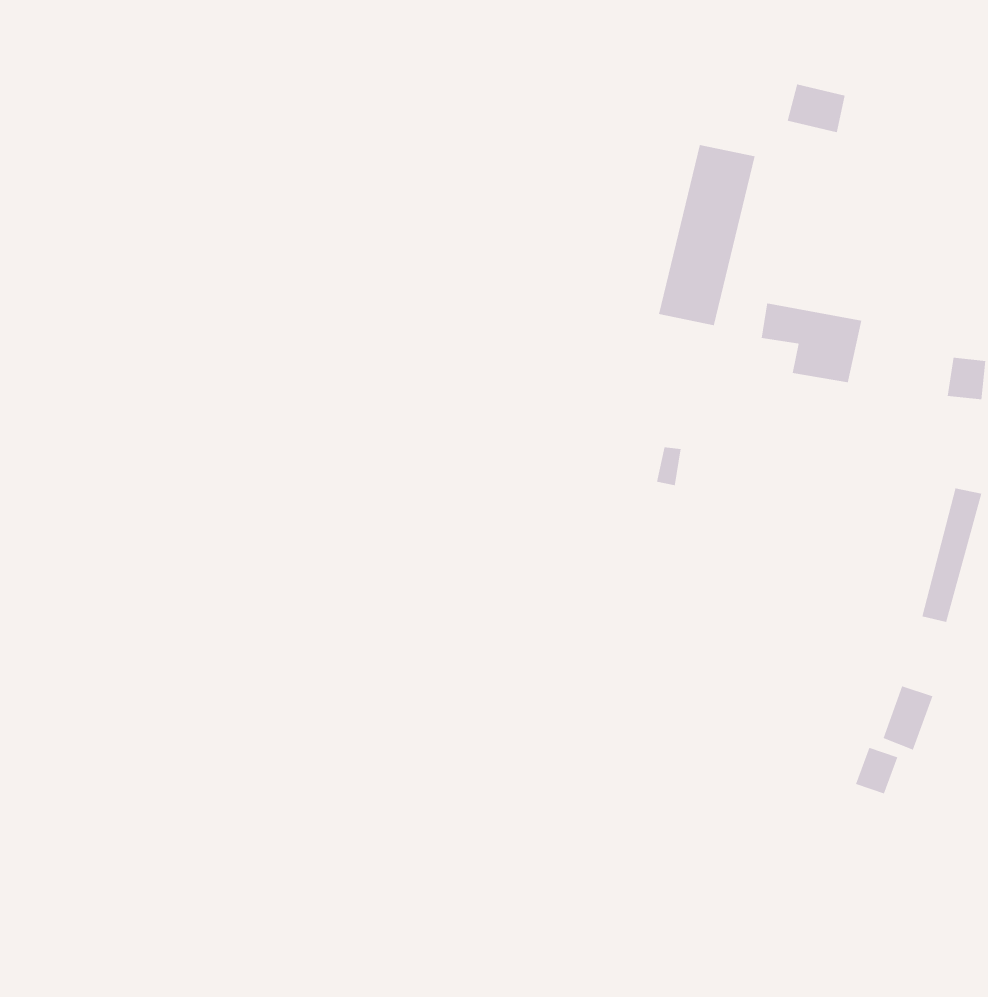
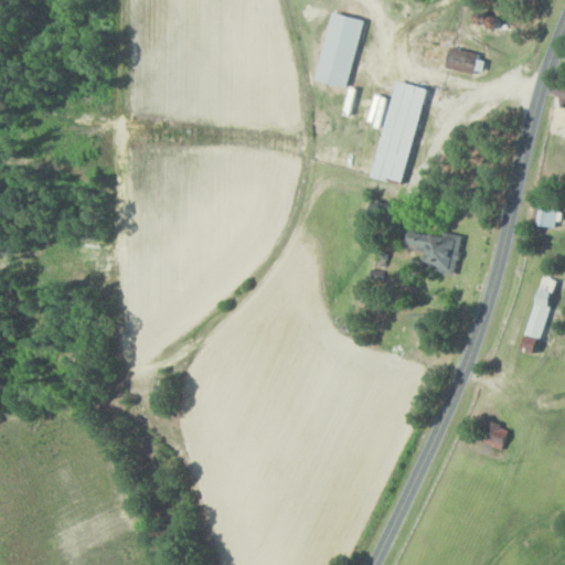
building: none -> [316,13,363,88]
building: [761,303,862,383] -> [404,227,461,273]
building: [883,686,933,750] -> none

